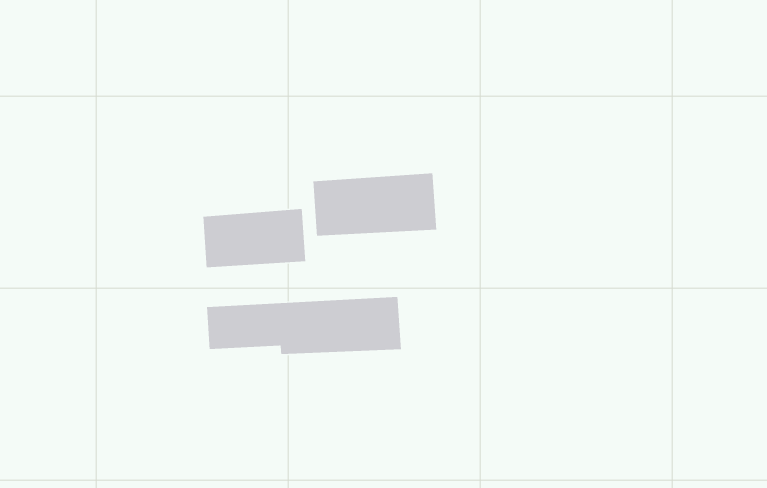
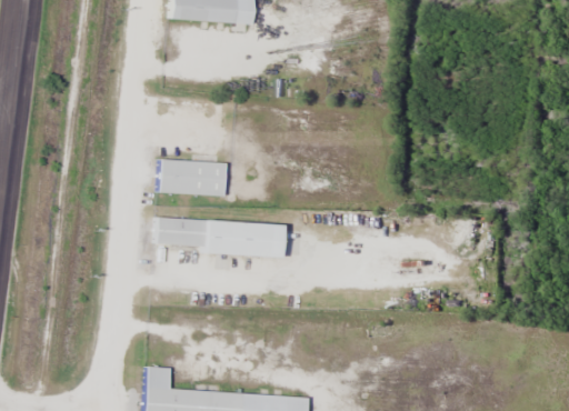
building: [312,173,437,236] -> none

